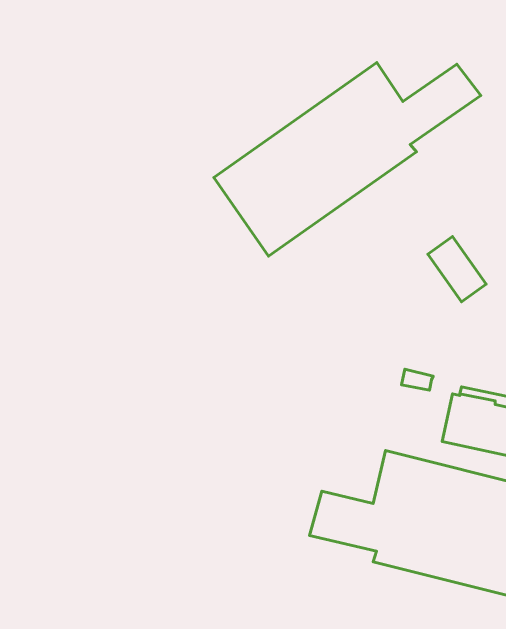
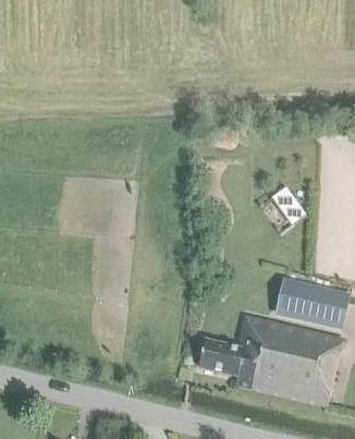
building: [214,63,481,256] -> none

